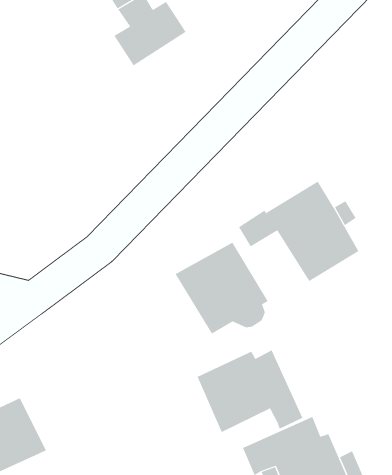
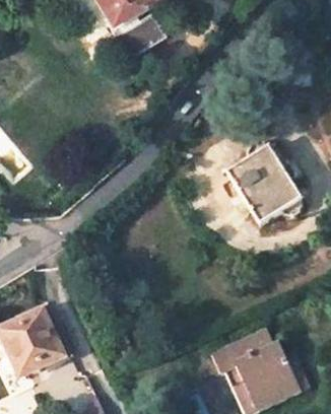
building: [175,242,268,335] -> none
building: [197,350,303,433] -> none

